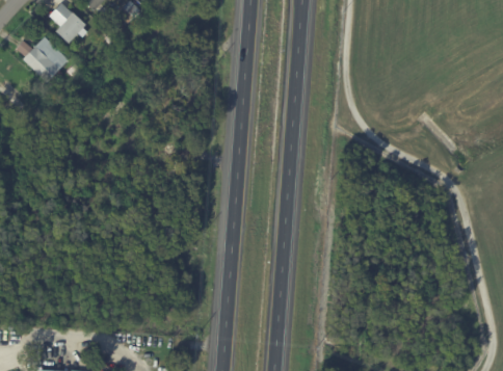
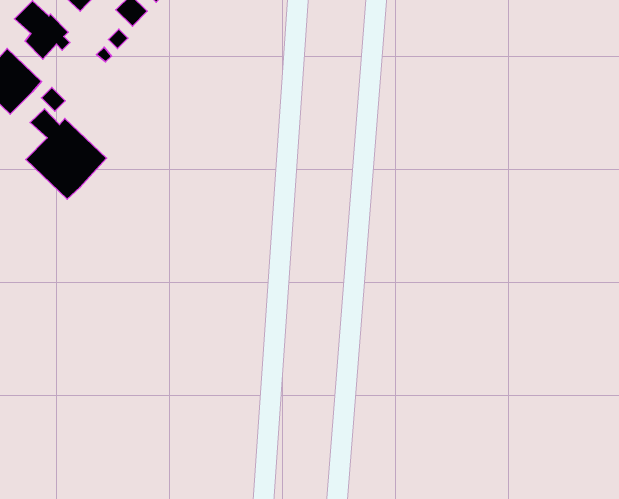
building: none -> [26,109,107,199]

